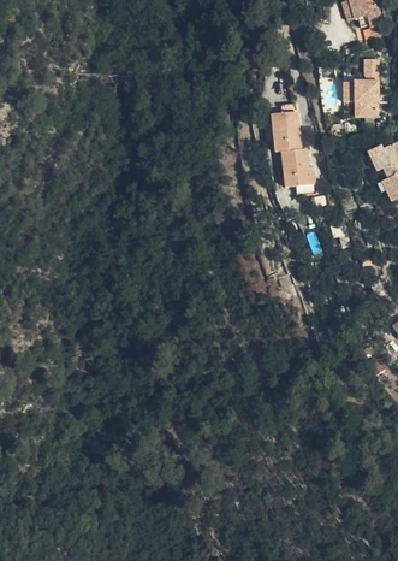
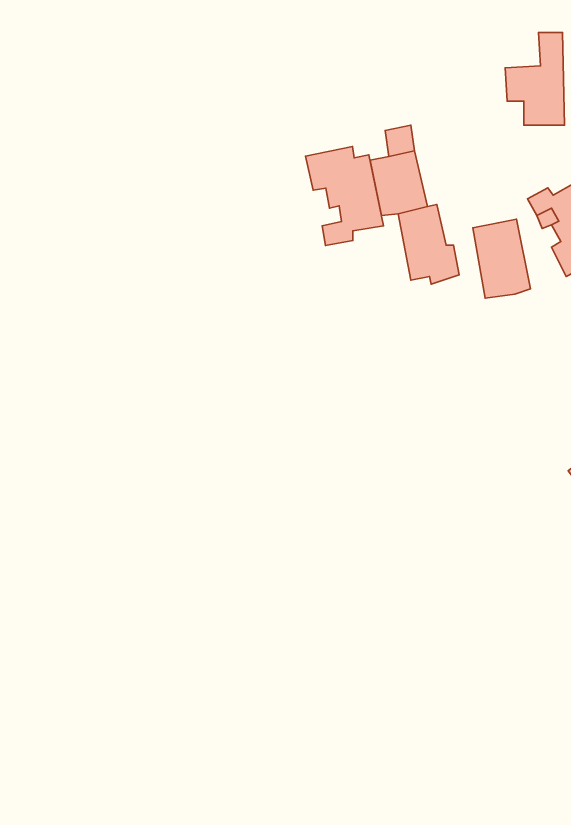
building: none -> [305,147,383,246]
building: none -> [473,219,530,298]

